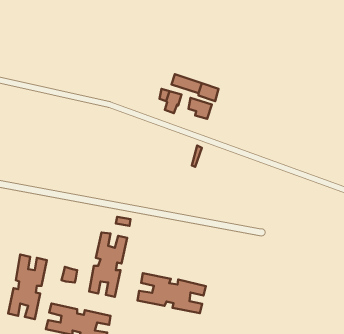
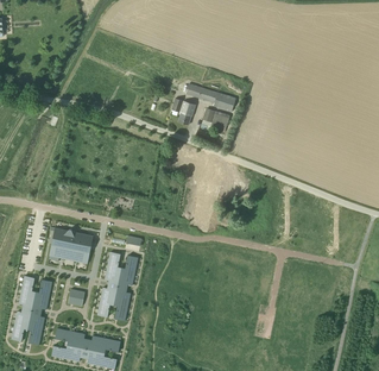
building: none -> [49,228,93,264]
building: [138,273,206,313] -> none

